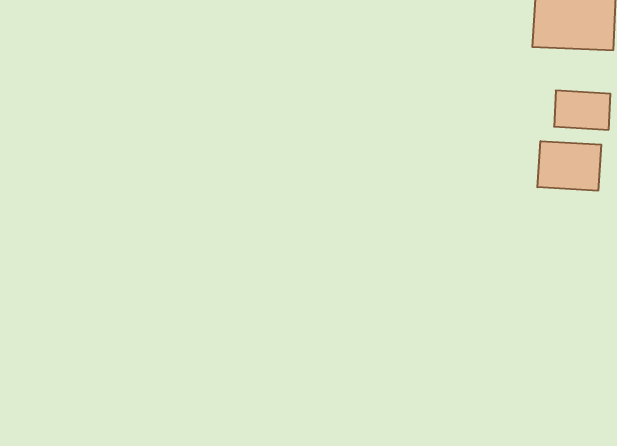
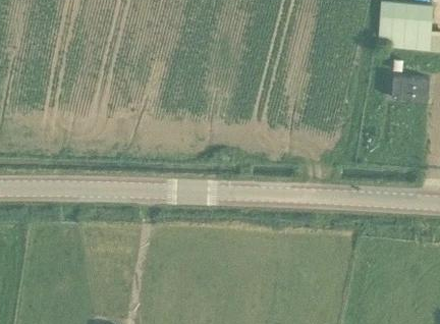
building: [537,141,601,191] -> none

